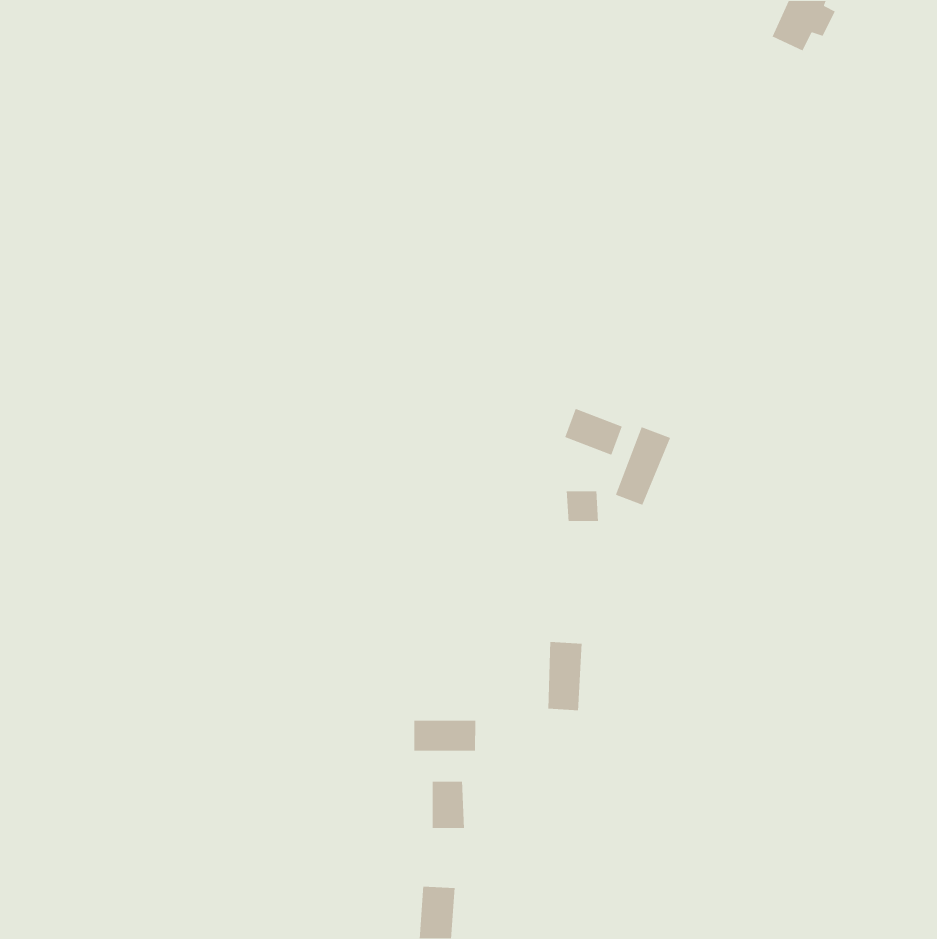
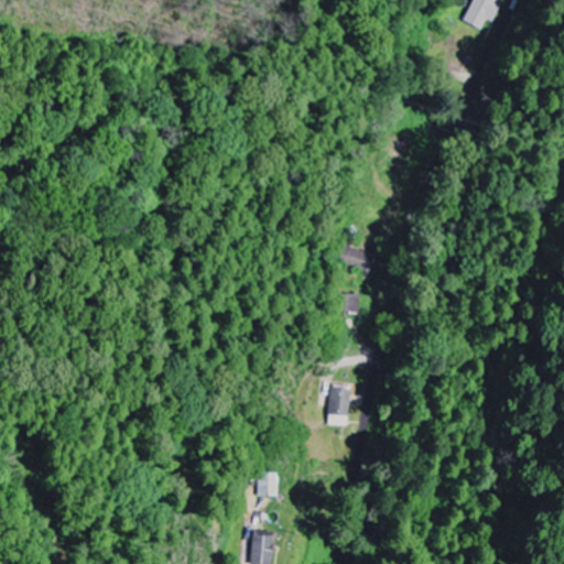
building: [615,426,671,506] -> none
building: [413,720,476,751] -> none

